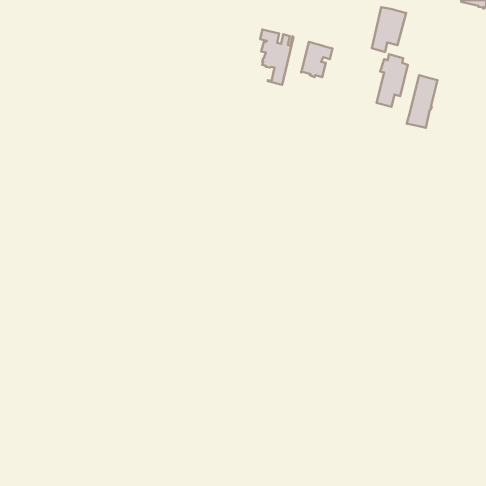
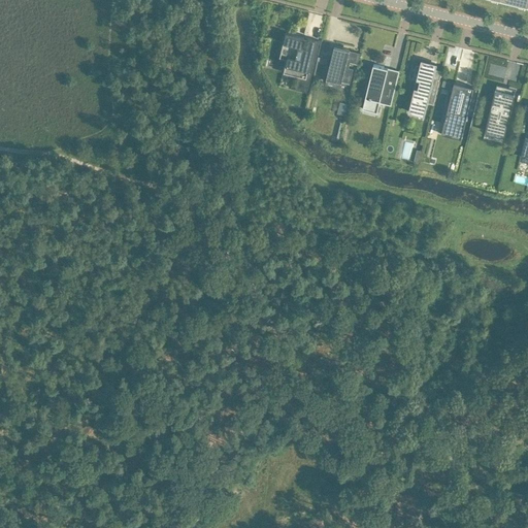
building: [372,7,406,52] -> [362,65,399,113]
building: none -> [485,85,514,136]

